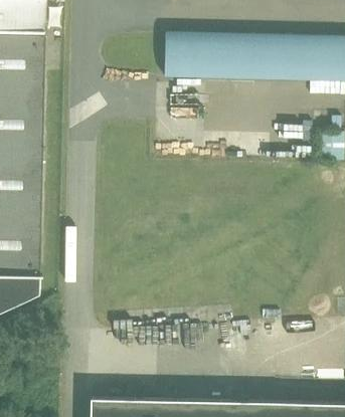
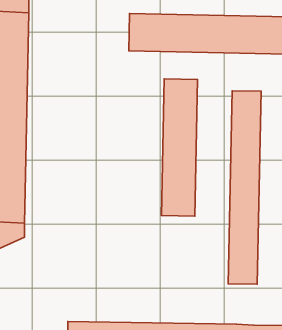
building: none -> [161,79,198,216]
building: none -> [228,91,261,284]

